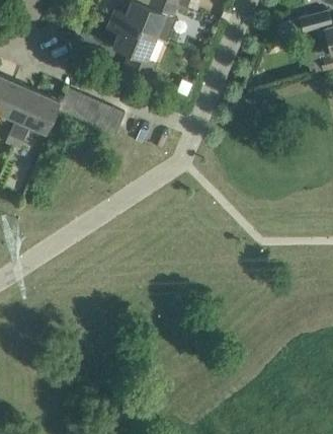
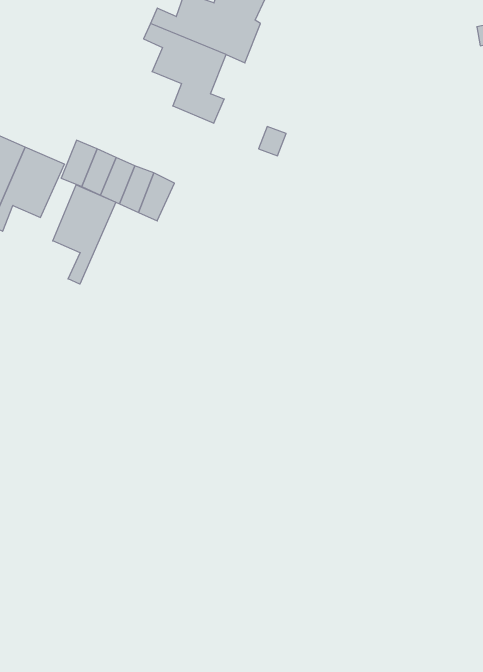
building: none -> [53,185,116,284]

